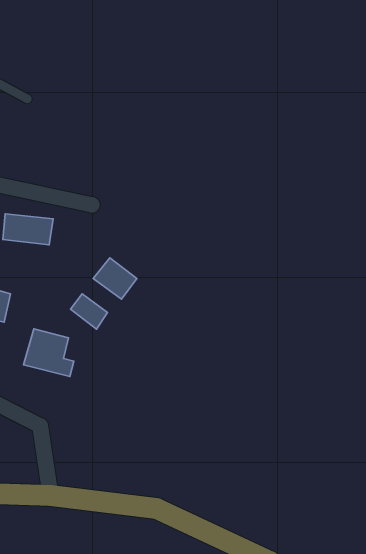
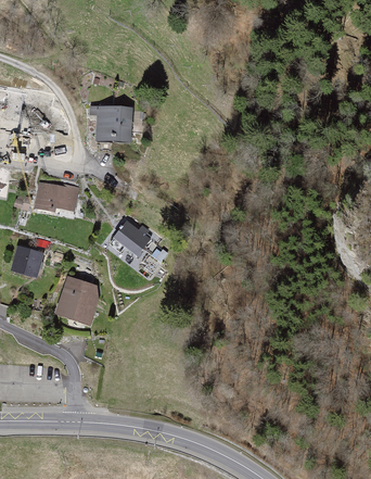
building: none -> [98,111,133,146]
building: [71,294,108,329] -> none

